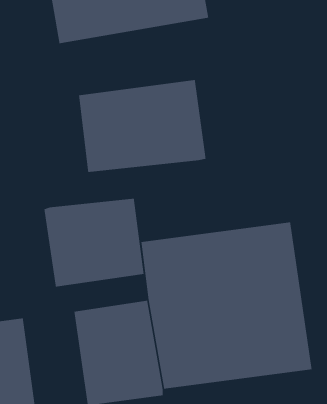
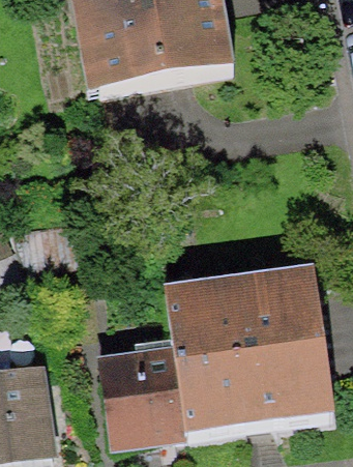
building: [78,79,207,173] -> none
building: [43,198,145,287] -> none

